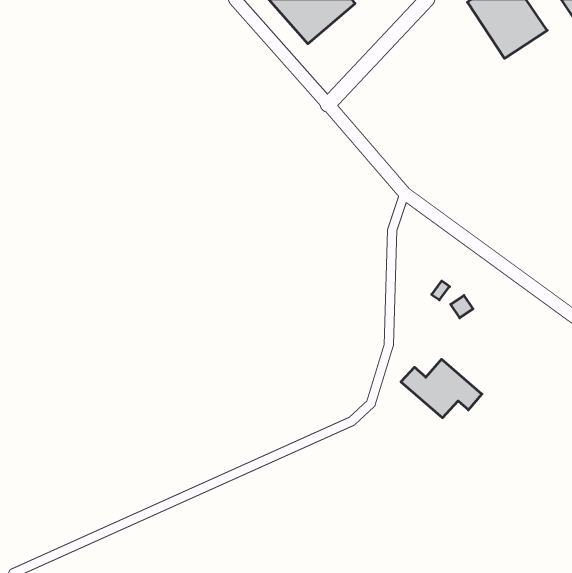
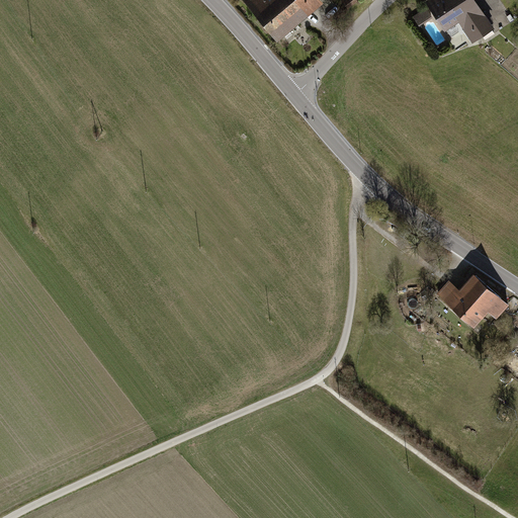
building: [401,359,482,418] -> [438,272,511,325]

